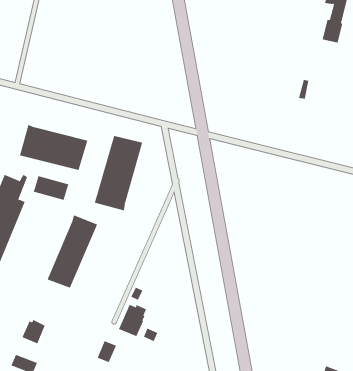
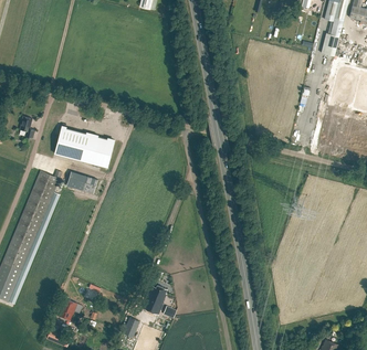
building: [94,135,143,211] -> none
building: [47,215,98,289] -> none

